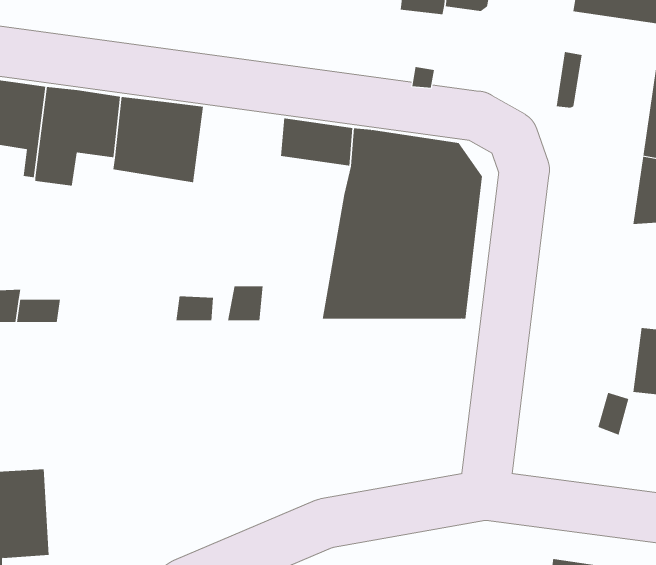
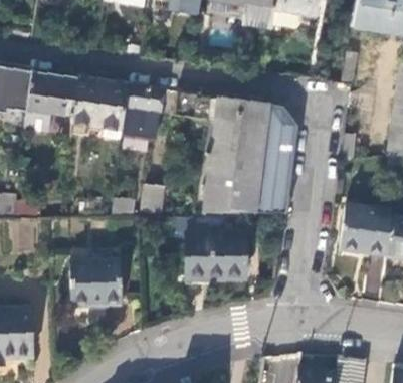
building: none -> [121,83,163,139]
building: none -> [342,204,393,256]
building: none -> [183,231,243,278]
building: none -> [69,258,122,307]

